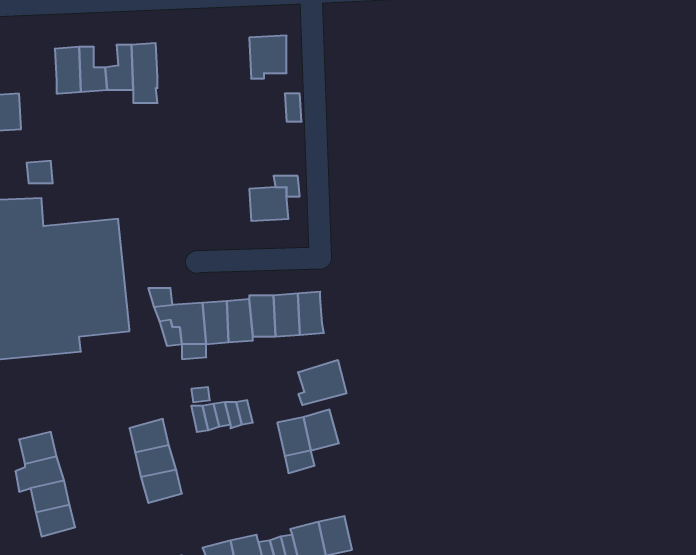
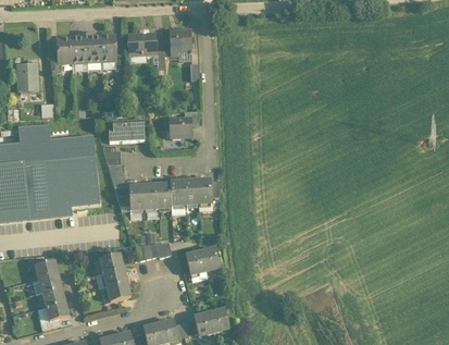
building: none -> [128,32,157,56]
building: none -> [110,120,145,141]
building: [298,360,346,405] -> none

